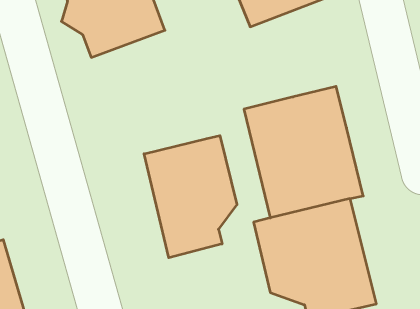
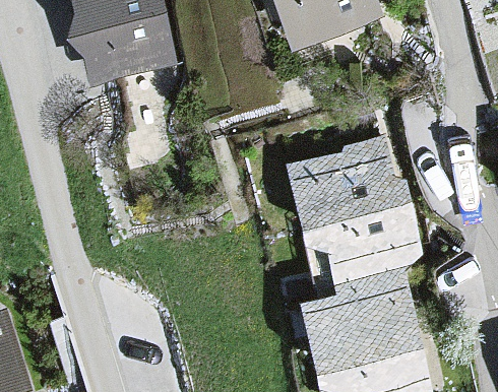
building: [144,136,237,258] -> none

